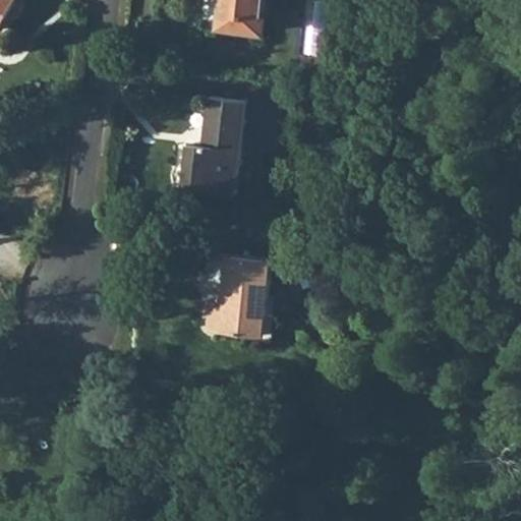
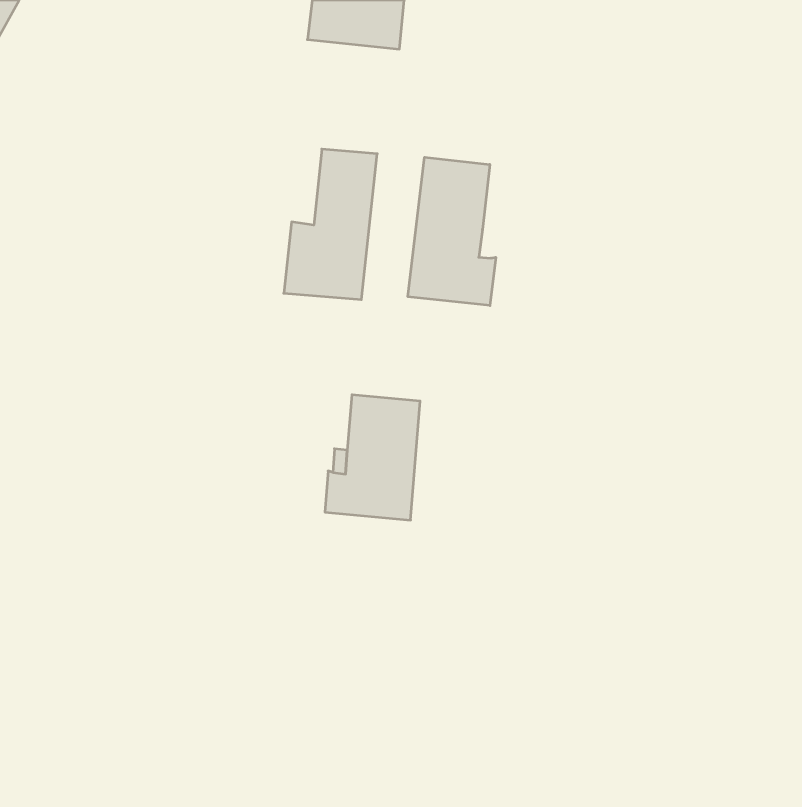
building: none -> [408,157,496,306]

